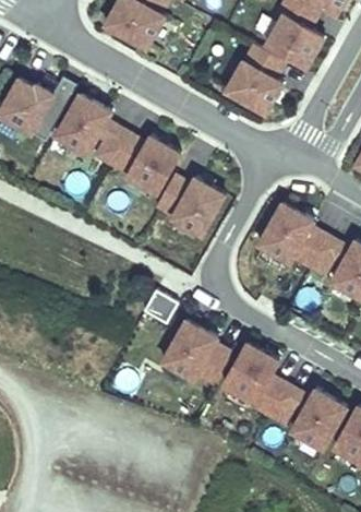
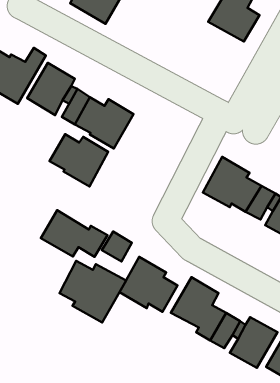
building: [221,41,281,111] -> none
building: [155,175,224,236] -> [49,134,108,186]
building: none -> [41,210,107,257]
building: none -> [59,261,126,323]

